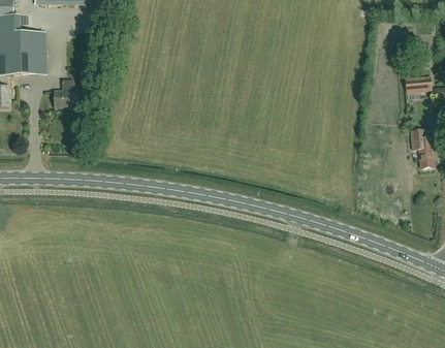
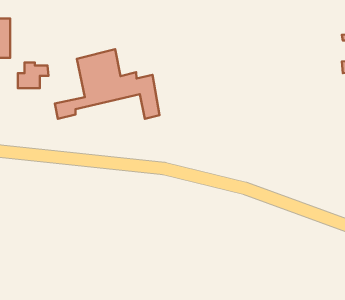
building: none -> [55,49,160,119]

